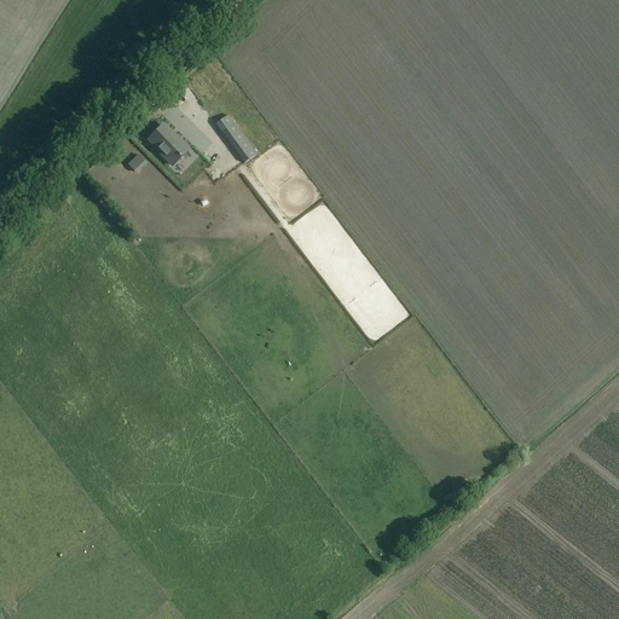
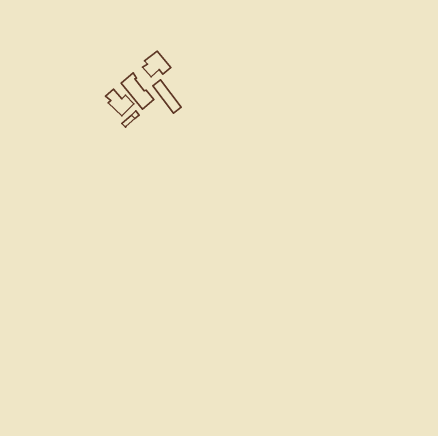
building: none -> [143,51,171,77]

